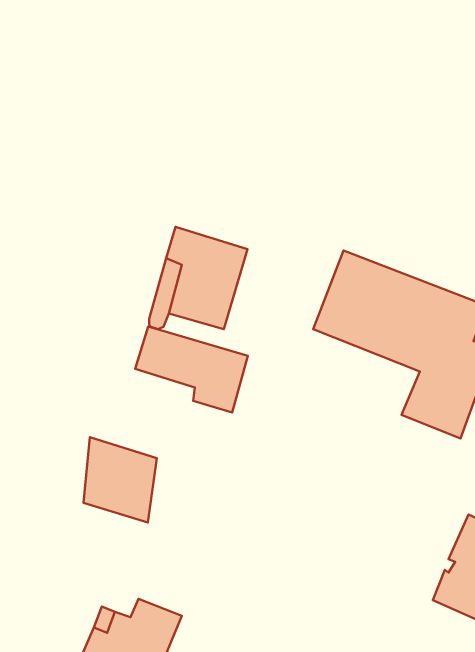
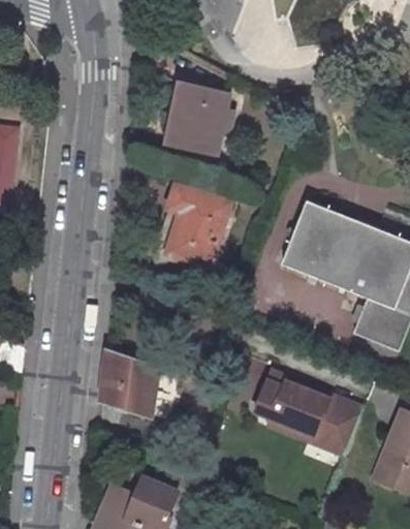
building: none -> [168,84,225,151]
building: [135,326,248,412] -> none
building: none -> [256,363,361,448]

